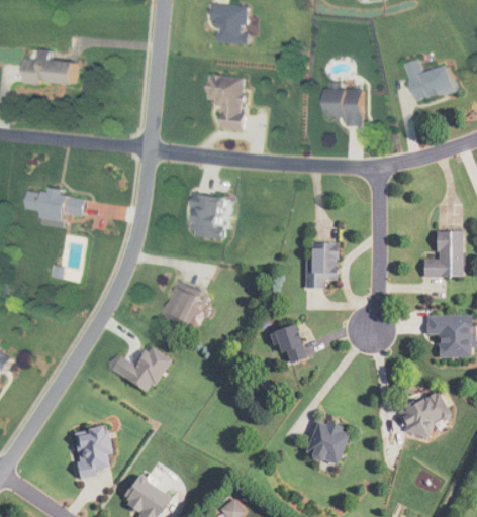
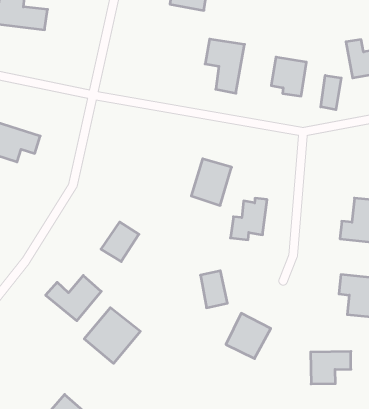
building: [206,75,247,130] -> [205,39,245,93]
building: none -> [321,75,341,110]
building: [189,191,229,239] -> [191,159,232,205]
building: none -> [84,308,140,363]
building: [305,417,352,464] -> [226,313,271,359]
building: [73,426,112,478] -> none

